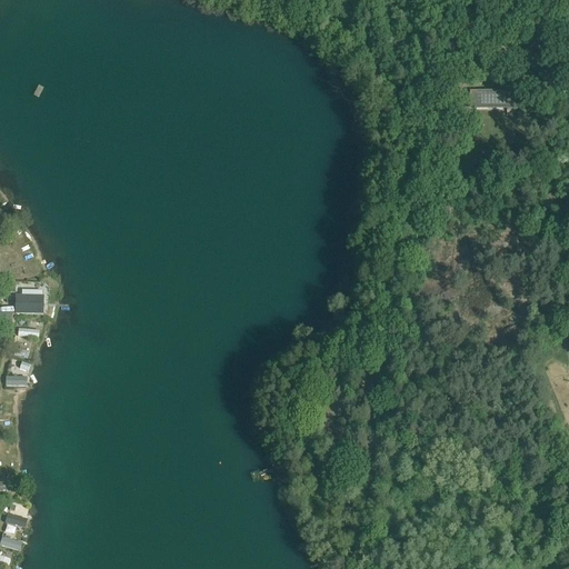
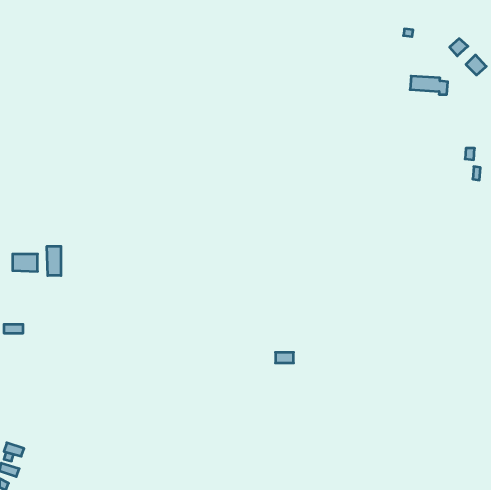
building: none -> [47,246,61,276]

